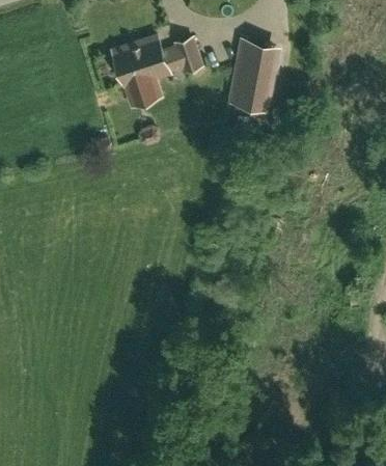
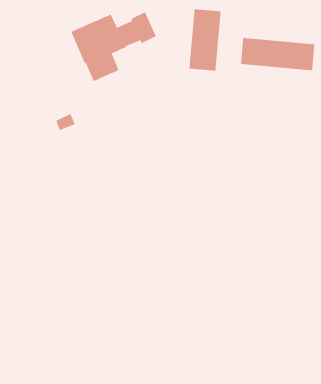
building: none -> [240,37,315,71]

